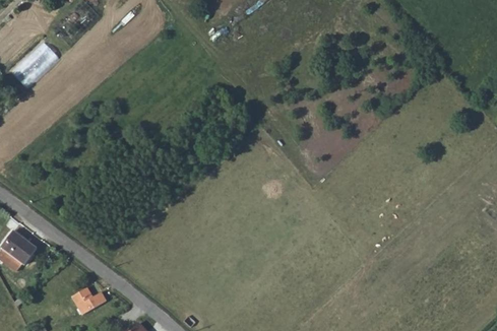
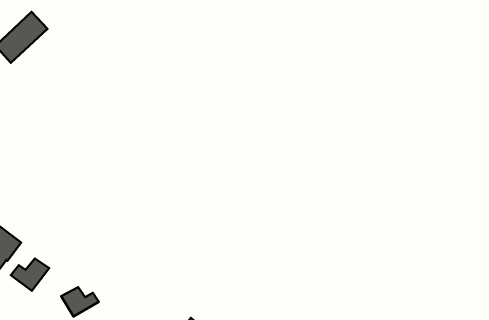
building: none -> [11,258,49,291]

